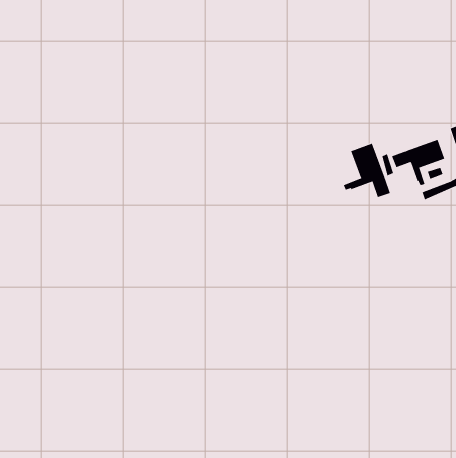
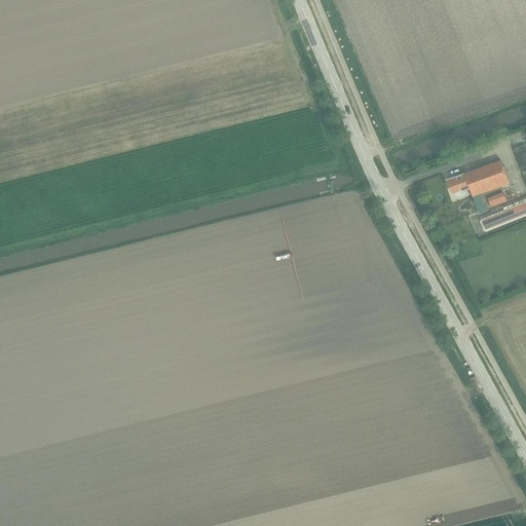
building: [343,143,391,198] -> none

